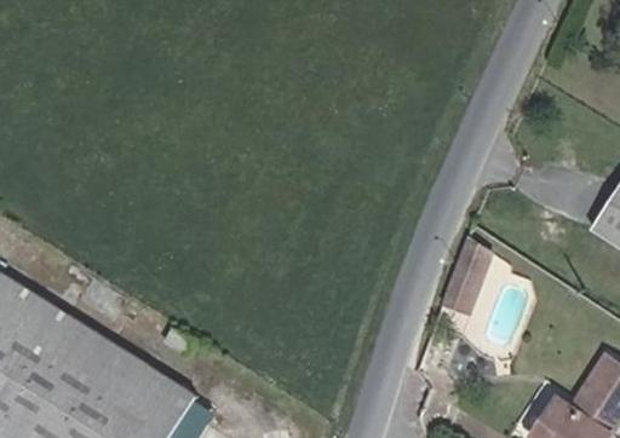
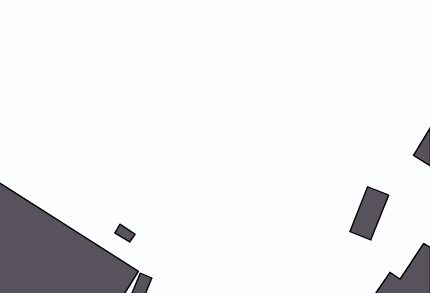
building: [442,238,498,315] -> [350,187,389,240]

